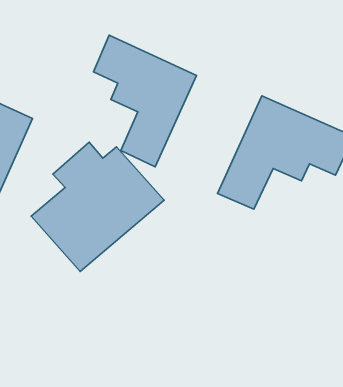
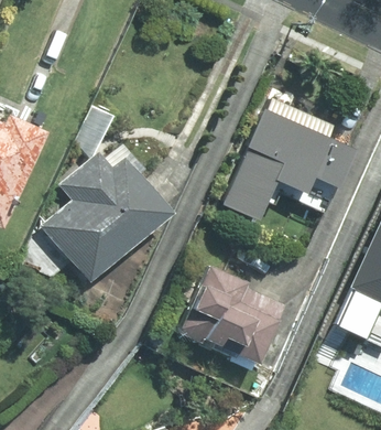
building: [93,35,197,167] -> none
building: none -> [182,266,276,363]

